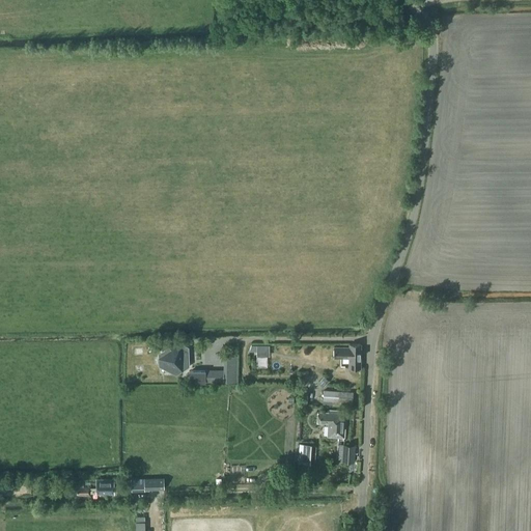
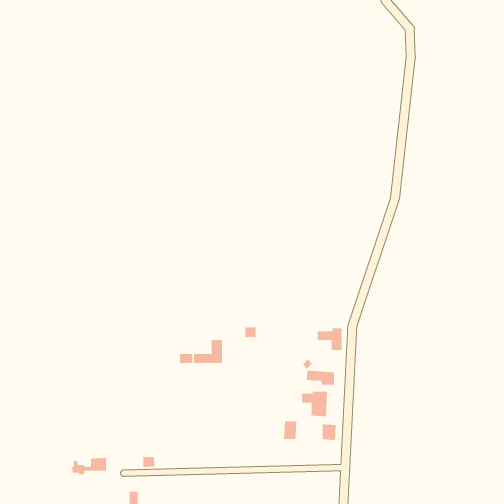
building: [160,345,186,373] -> none

